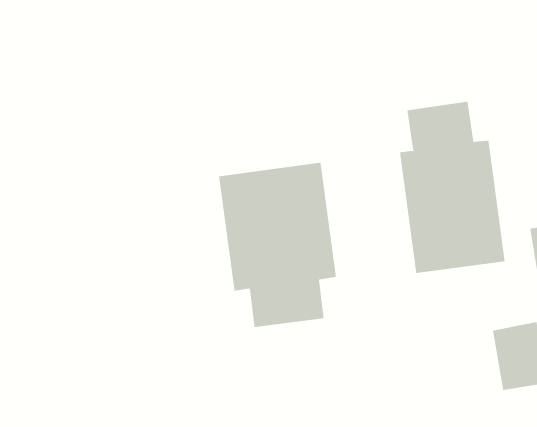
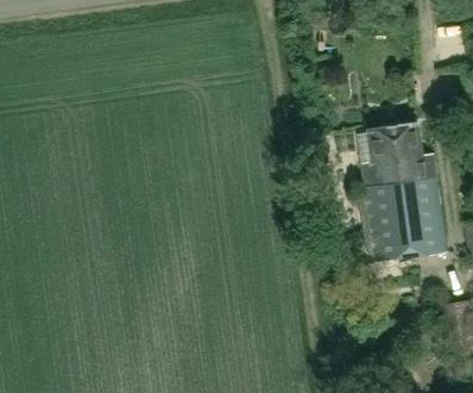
building: [219,162,336,328] -> none

